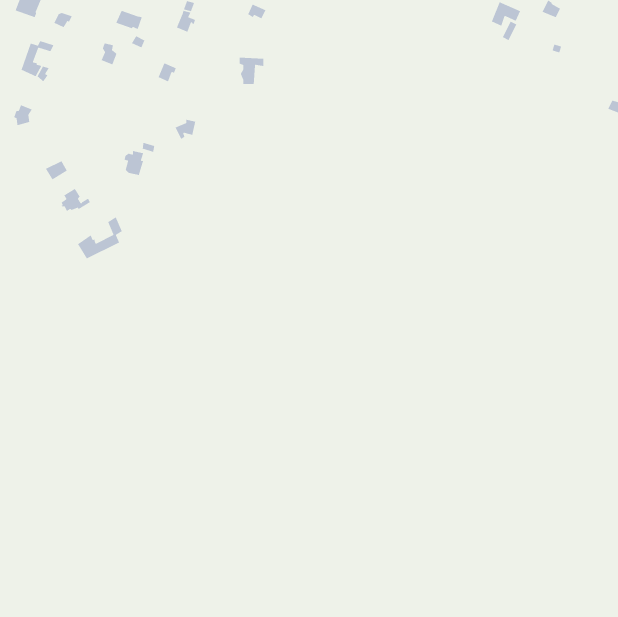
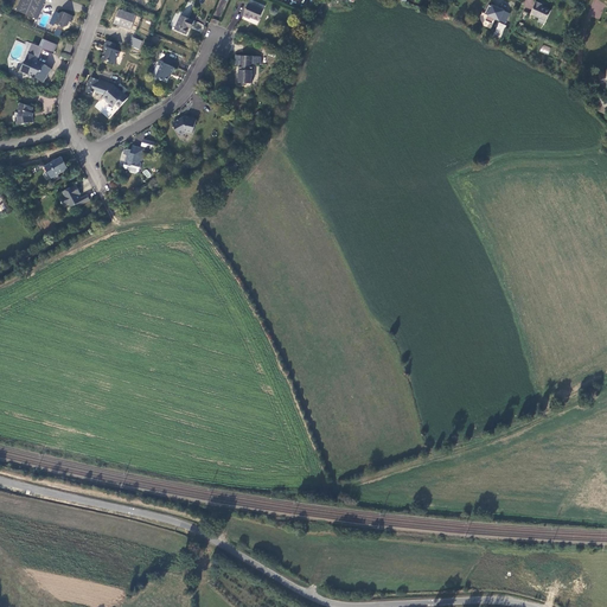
building: none -> [84,77,126,106]
building: [77,216,123,260] -> none

